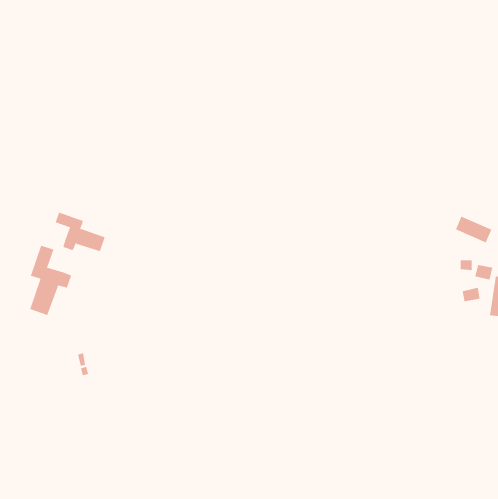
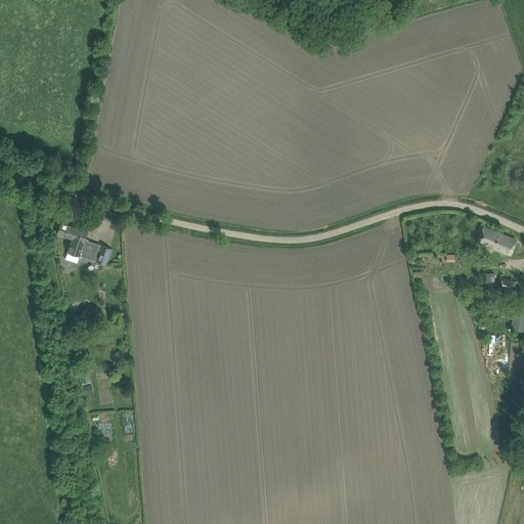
building: [30,245,72,316] -> none

